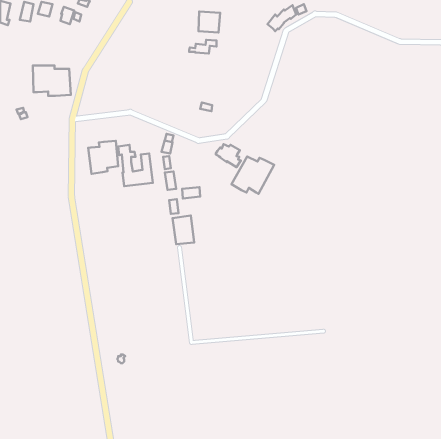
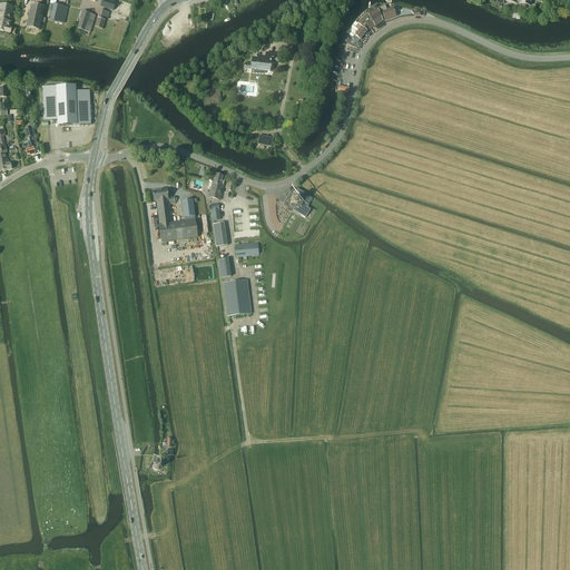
building: [198,12,220,33] -> none
building: [88,141,118,174] -> none
building: [231,157,274,194] -> none

